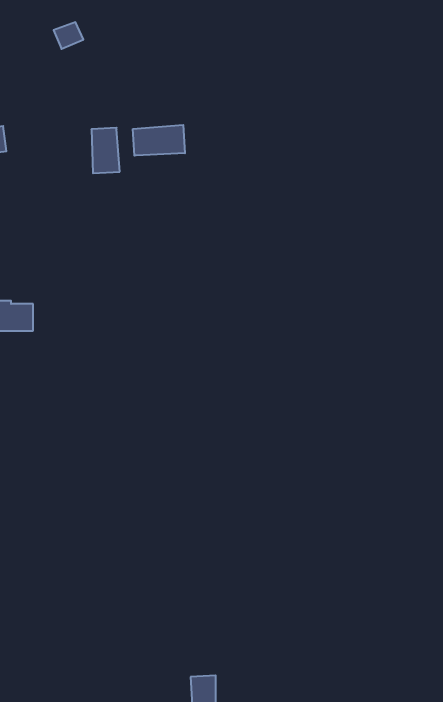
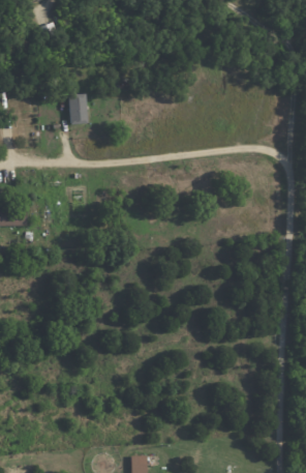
building: [133,125,185,156] -> none

